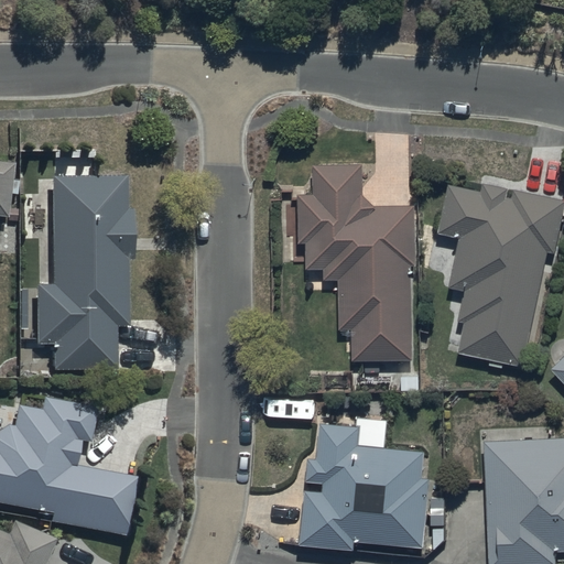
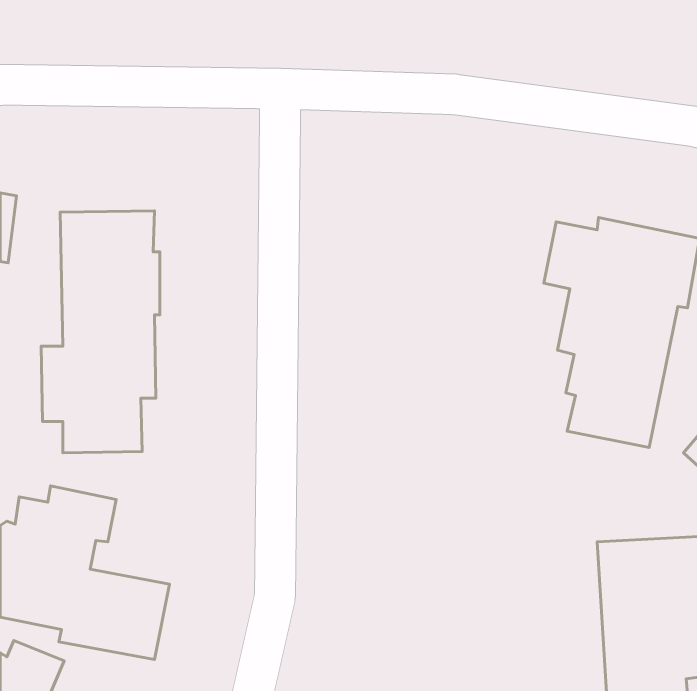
building: [288,164,415,361] -> none
building: [300,422,430,549] -> none

